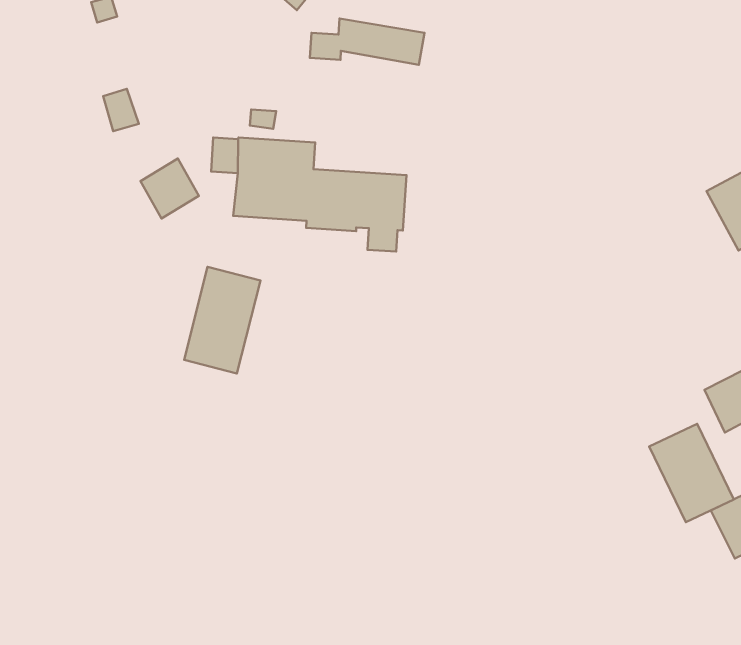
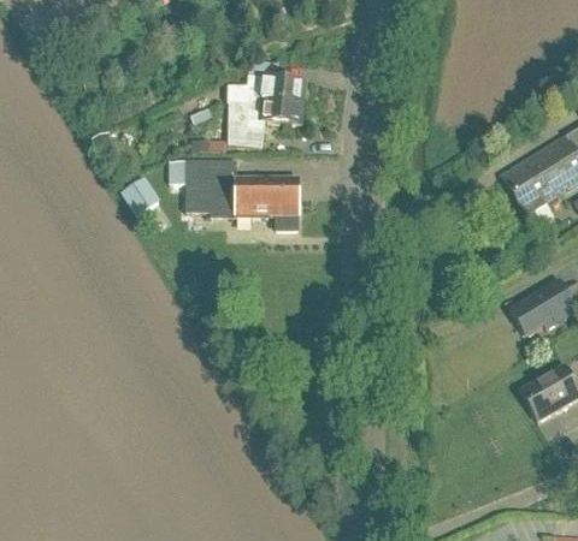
building: none -> [228,96,303,147]
building: [184,267,260,374] -> none
building: [649,424,734,522] -> none

